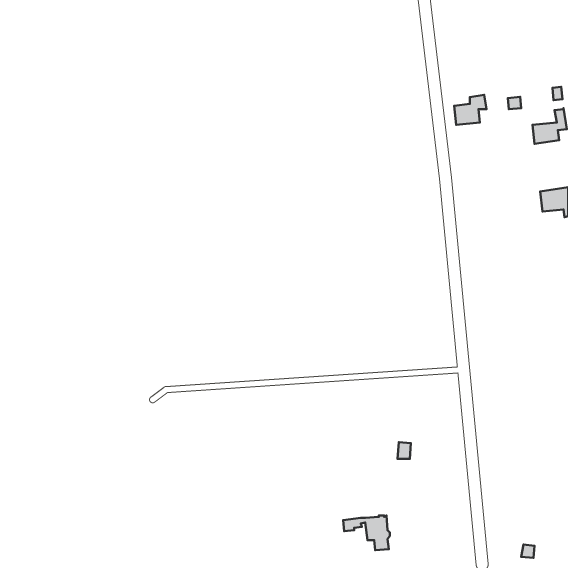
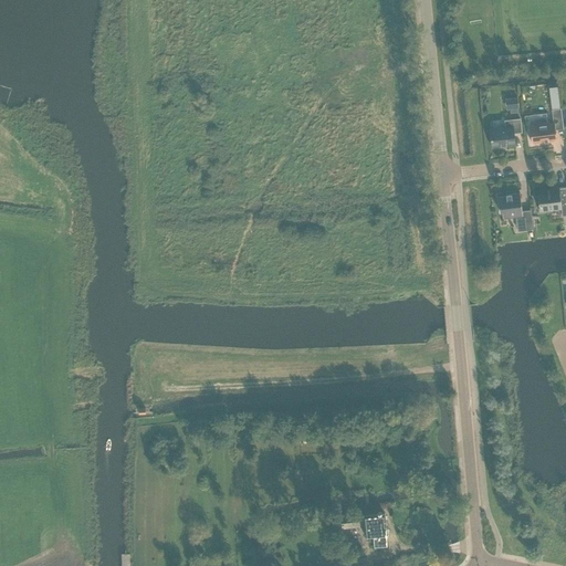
building: [454,95,486,125] -> [489,117,521,147]
building: none -> [496,192,532,230]

